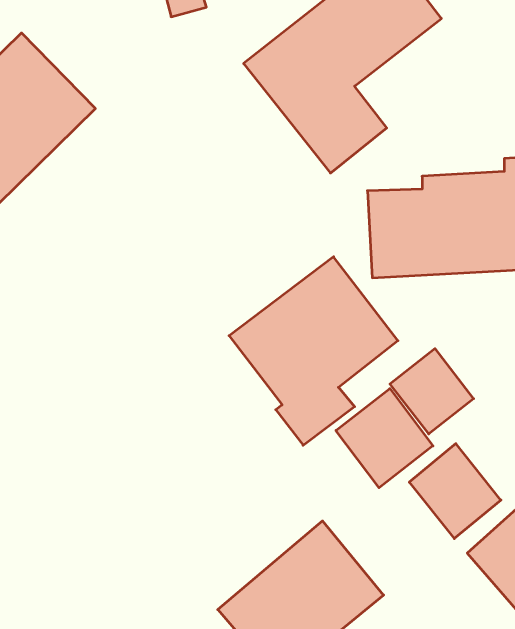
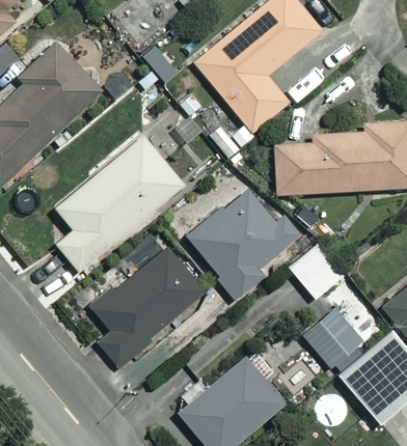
building: none -> [56,135,184,271]
building: none -> [94,246,208,367]
building: [336,389,433,488] -> none

